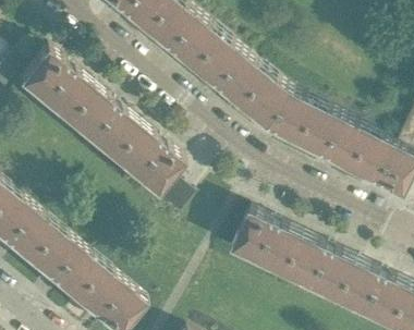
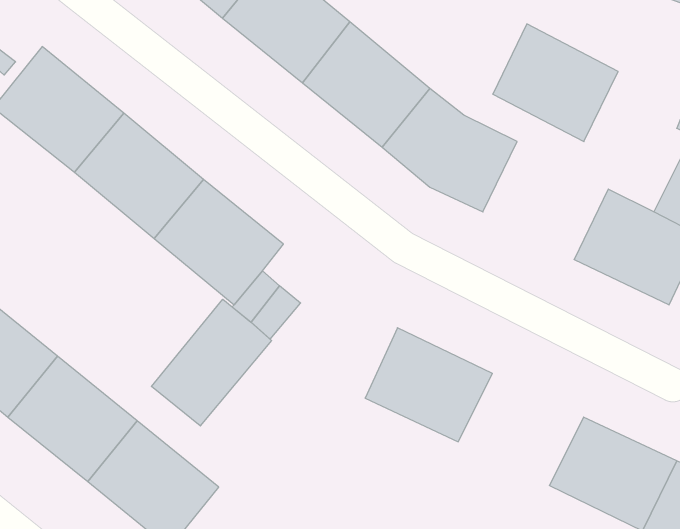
building: [299,105,370,172] -> [493,24,618,142]
building: none -> [151,299,272,426]
building: [284,237,356,302] -> none

